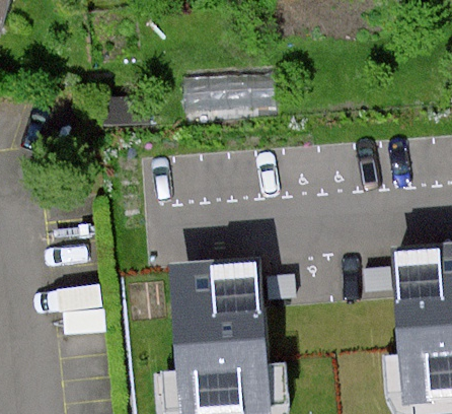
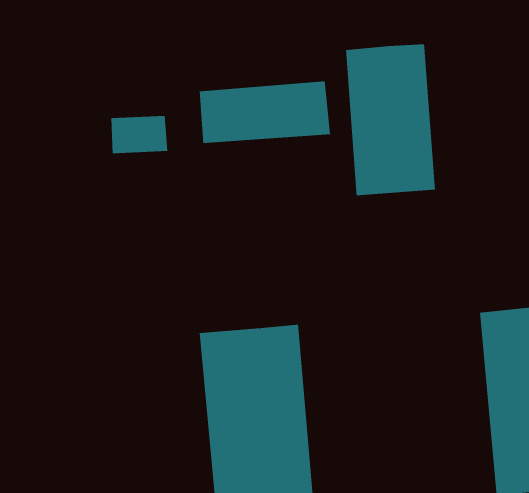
building: none -> [345,44,435,196]

